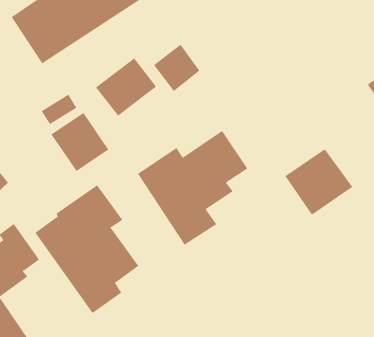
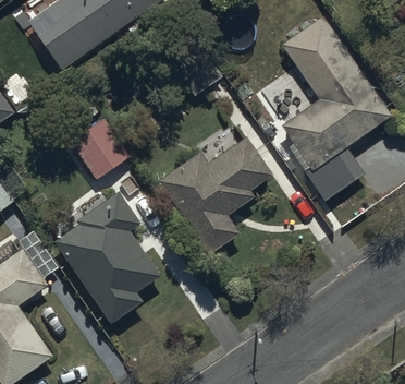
building: none -> [280,14,394,169]
building: [95,57,157,117] -> none

